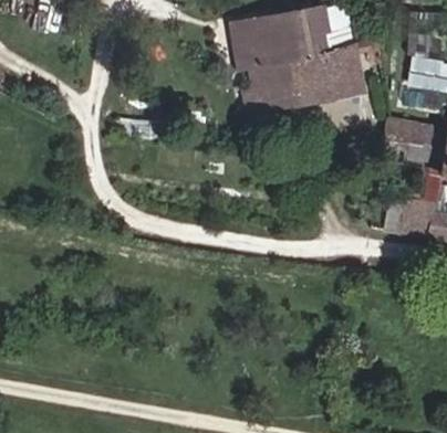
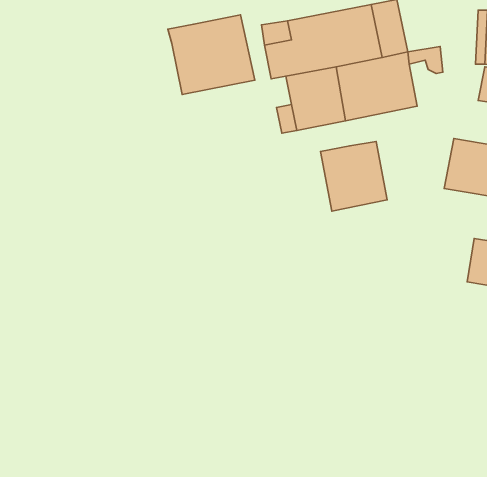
building: none -> [168,15,255,94]
building: none -> [320,142,387,211]

